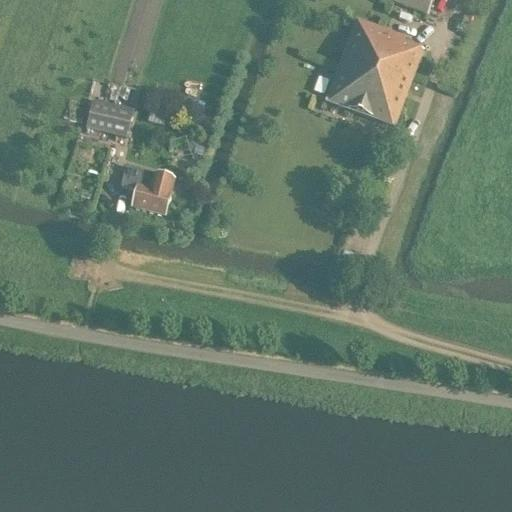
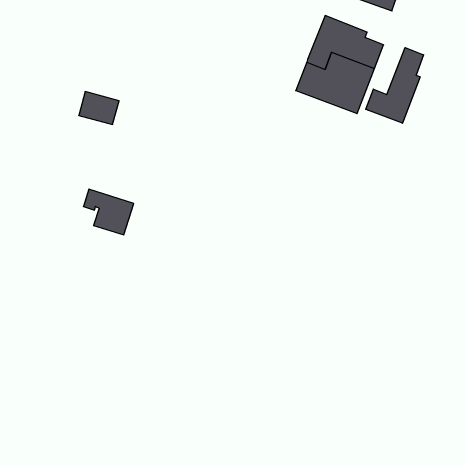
building: none -> [366,48,424,123]
building: [119,163,174,213] -> [83,189,134,235]

